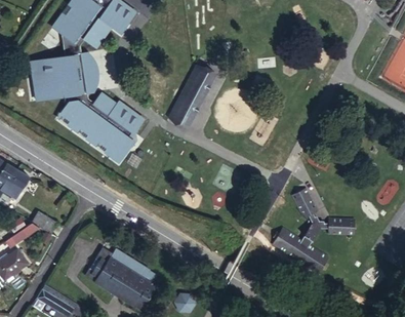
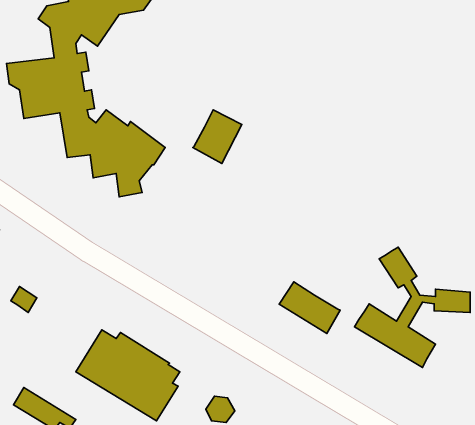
building: [179,67,212,102] -> none
building: none -> [279,282,340,334]

